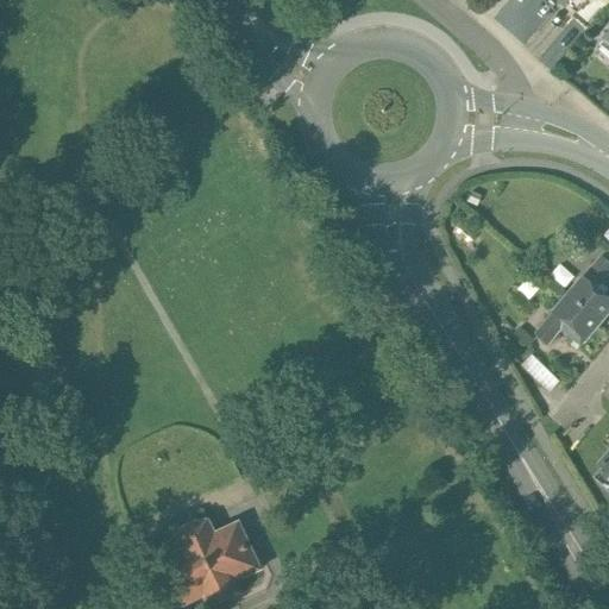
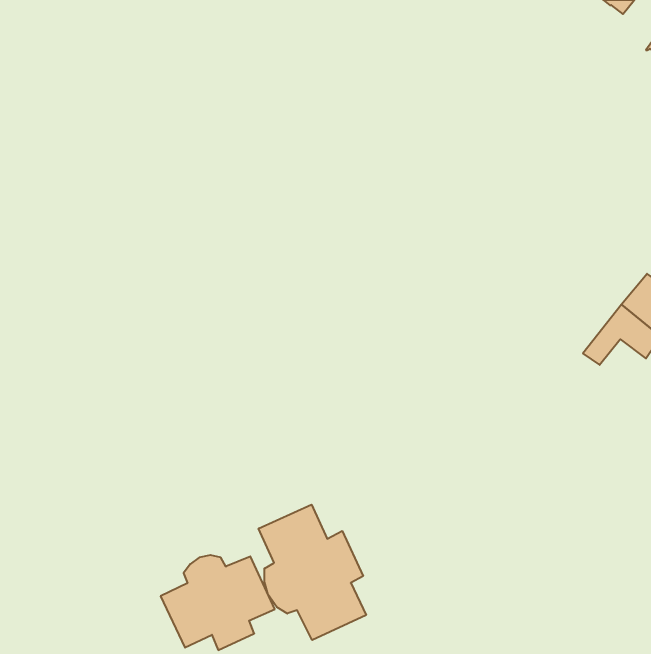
building: none -> [259,505,366,640]

